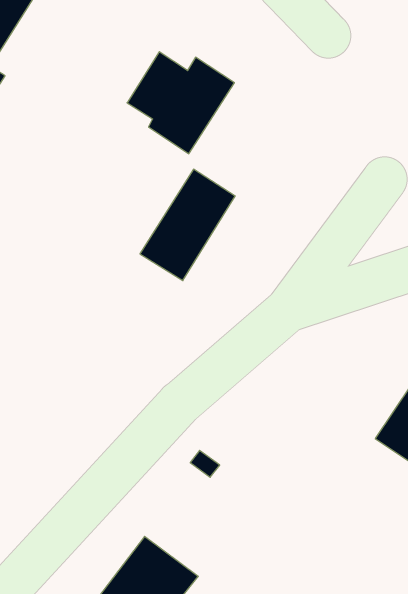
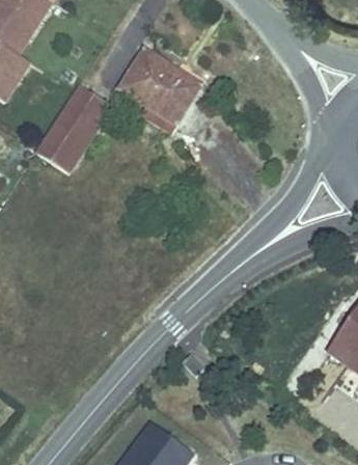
building: [140,169,235,281] -> [34,88,108,174]

